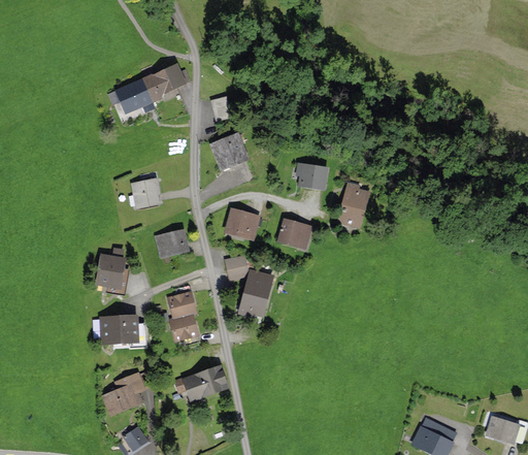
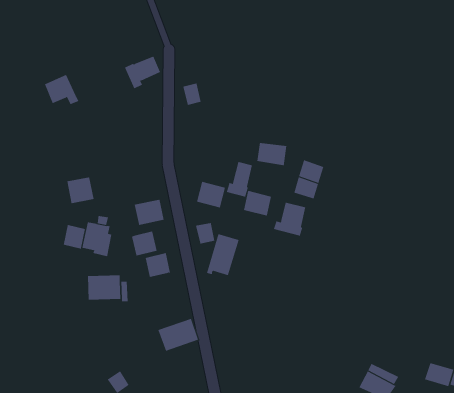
building: [117,78,157,113] -> [44,74,79,105]
building: [209,134,248,171] -> none
building: [131,177,163,208] -> [66,177,94,204]
building: none -> [226,161,252,197]
building: none -> [273,202,306,236]
building: none -> [63,224,86,250]
building: [168,314,198,343] -> [131,231,157,256]
building: [101,371,145,418] -> none

